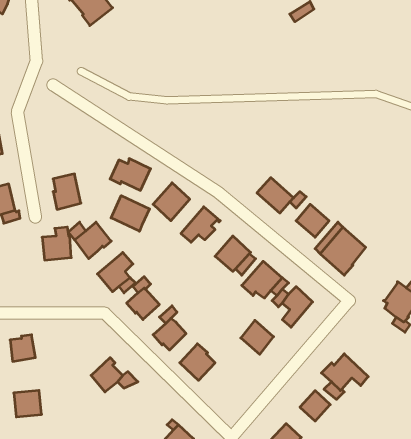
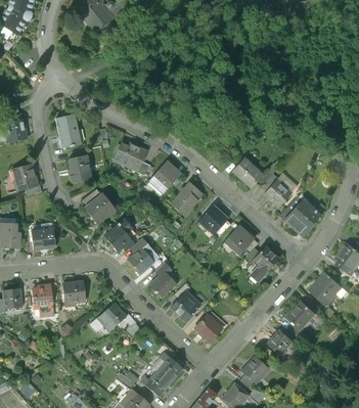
building: none -> [55,116,81,148]
building: [111,196,150,231] -> none
building: [42,227,71,260] -> [32,224,55,251]
building: none -> [309,272,342,306]
building: [241,320,274,354] -> [194,315,221,343]
building: [14,390,42,417] -> [62,281,85,303]

